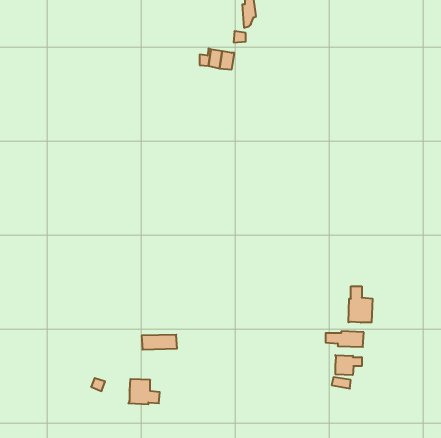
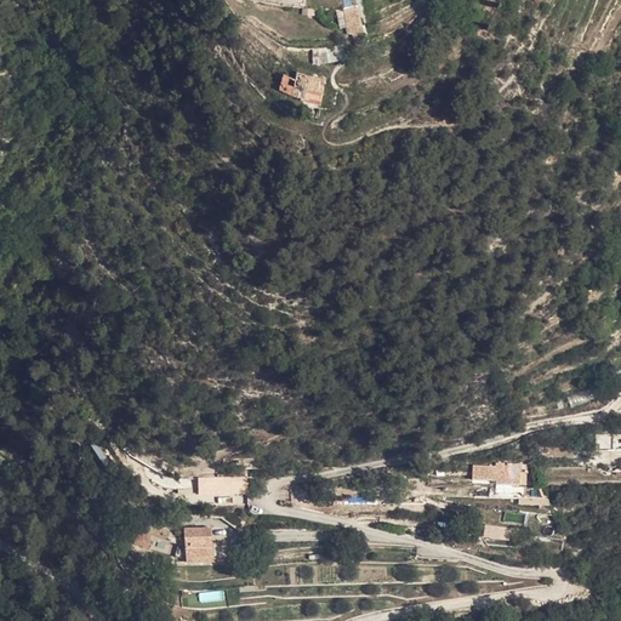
building: [348,286,372,323] -> none
building: [335,355,362,375] -> none

